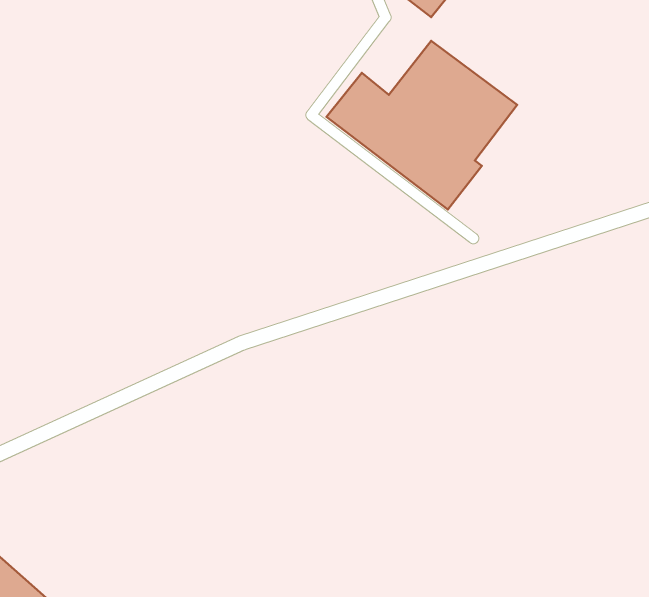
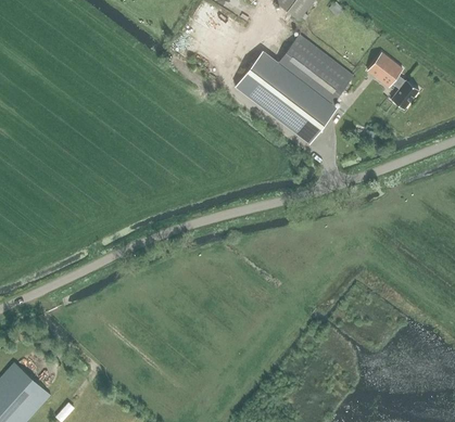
building: none -> [367,53,418,110]

